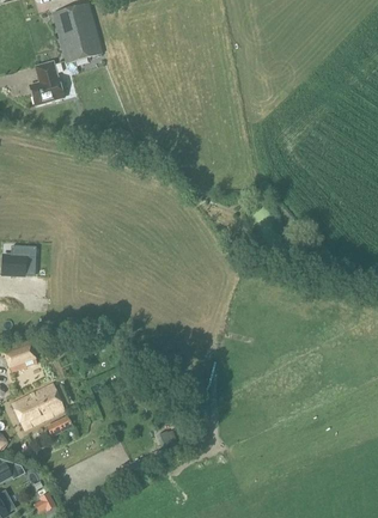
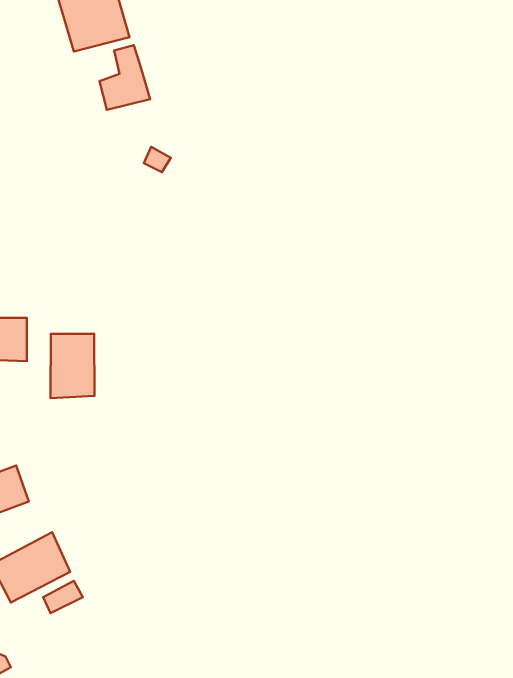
building: [30,60,63,103] -> [100,45,150,110]
building: none -> [51,334,94,398]

